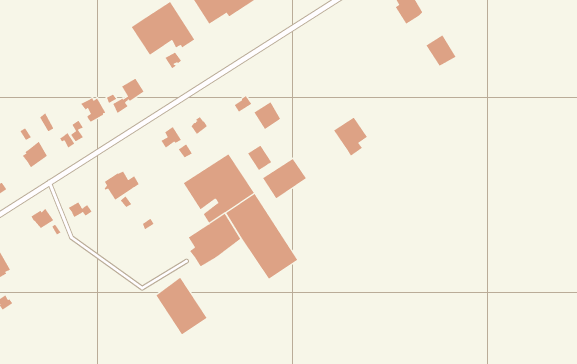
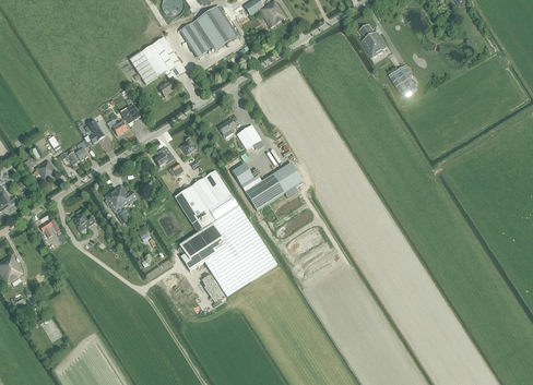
building: [333,117,368,157] -> [271,163,301,197]
building: [156,277,208,335] -> [203,245,249,297]

